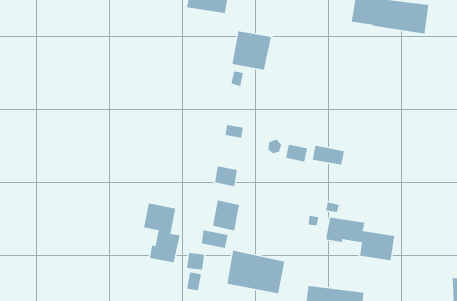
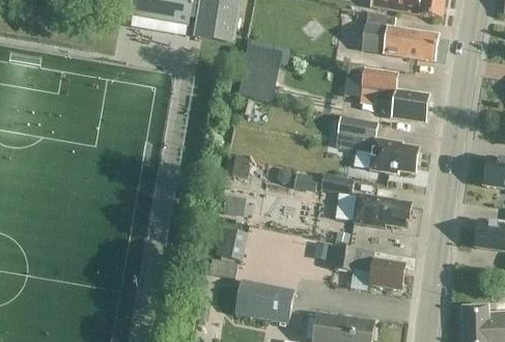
building: none -> [360,67,429,120]
building: none -> [336,116,420,172]
building: none -> [353,194,411,226]
building: [143,203,180,263] -> none

